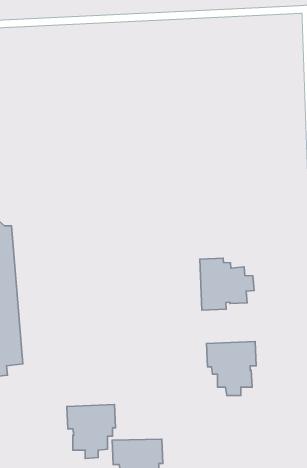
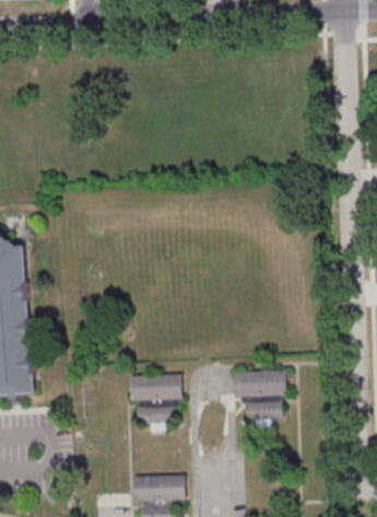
building: [200,258,254,310] -> none
building: [67,405,115,458] -> [130,374,182,432]

